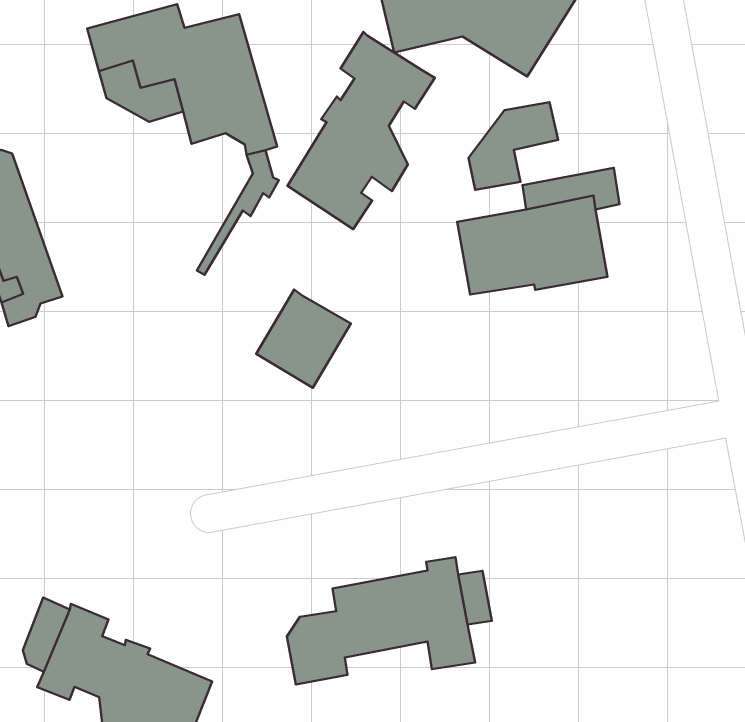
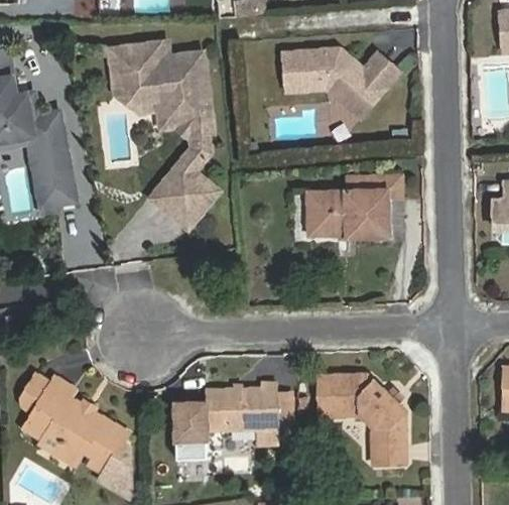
building: [287,32,435,229] -> none
building: [469,102,558,190] -> none
building: [256,290,351,388] -> [158,167,215,225]
building: none -> [317,374,405,465]

